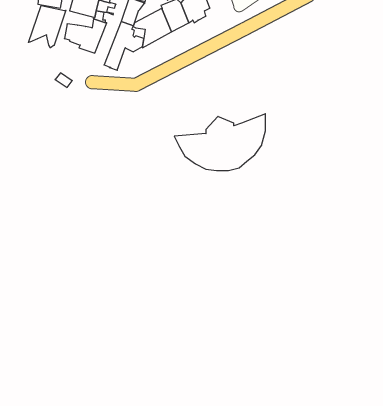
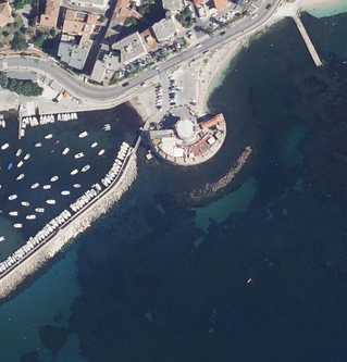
building: [28,6,66,48] -> none

